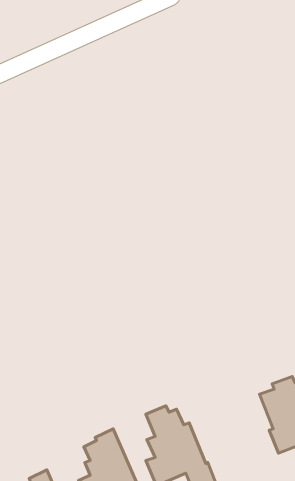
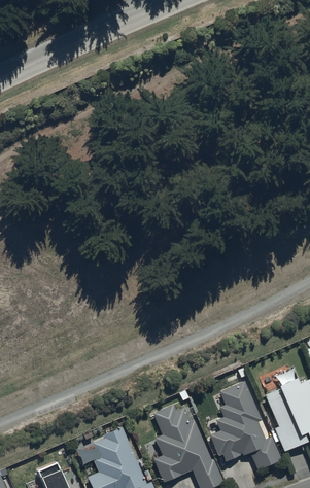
building: none -> [210,382,281,469]

